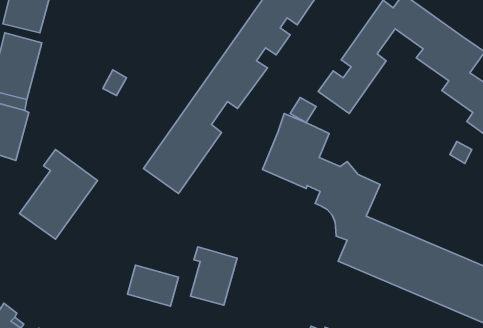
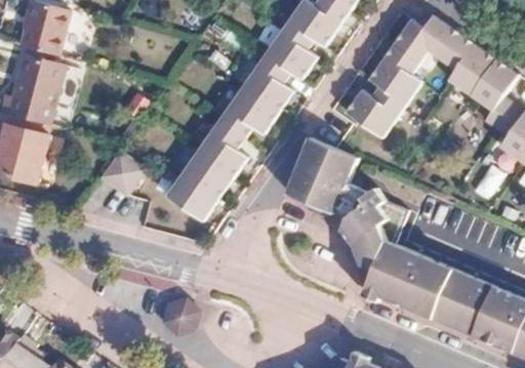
building: none -> [102,152,145,195]
building: [19,150,98,239] -> none
building: [191,247,237,305] -> none

